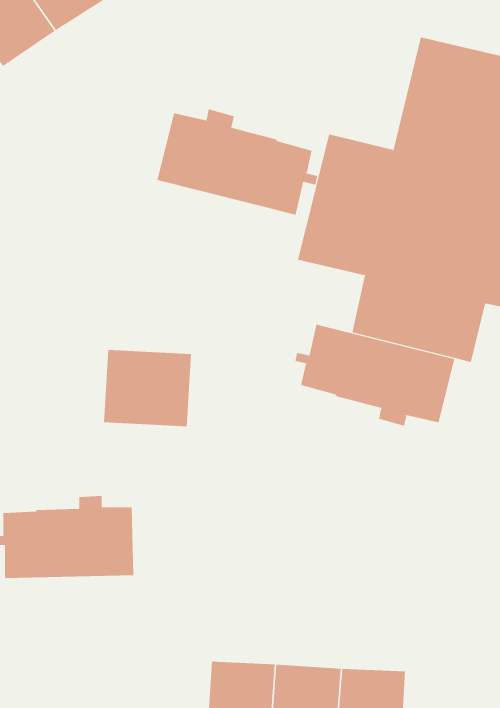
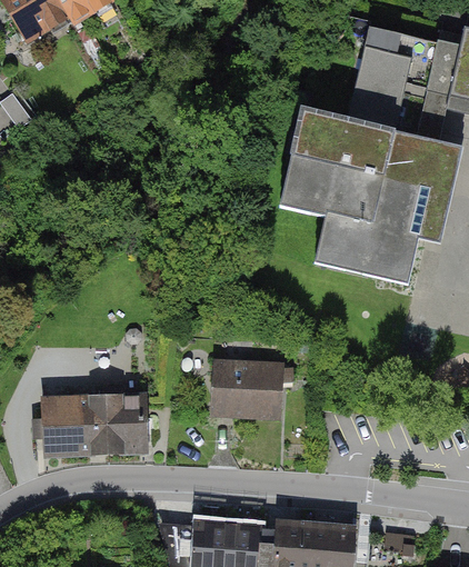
building: [157,108,318,215] -> none
building: [295,324,455,427] -> none
building: [103,350,192,427] -> [213,365,282,425]

